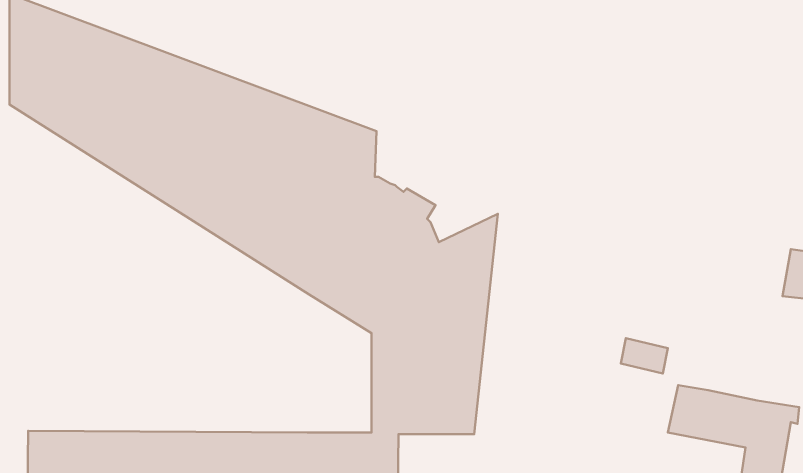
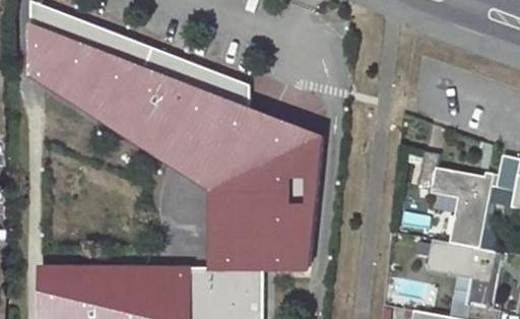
building: none -> [414,150,492,248]
building: none -> [208,184,247,267]

